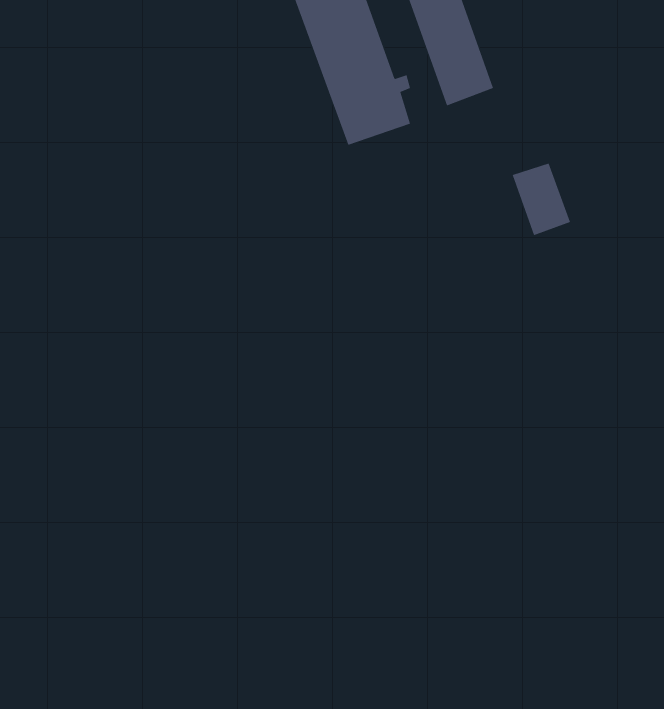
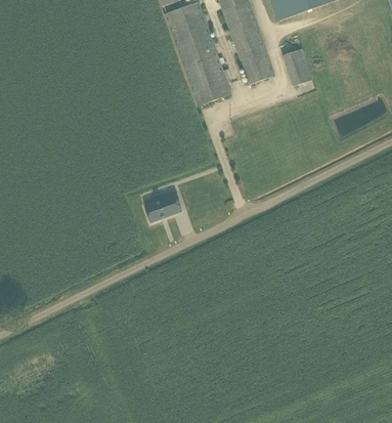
building: [512,163,571,236] -> [282,48,313,86]
building: none -> [144,194,182,221]

